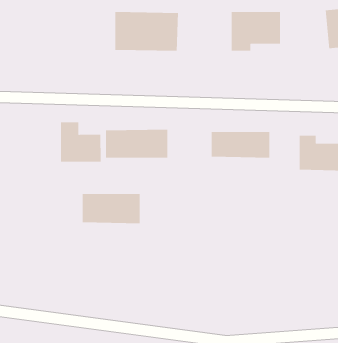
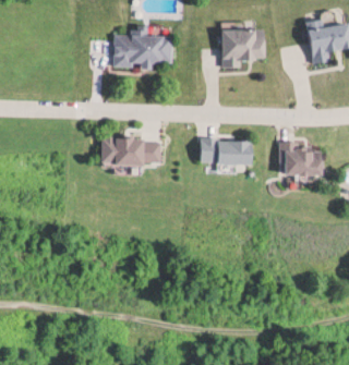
building: [60,122,102,163] -> none
building: [82,193,140,224] -> none

